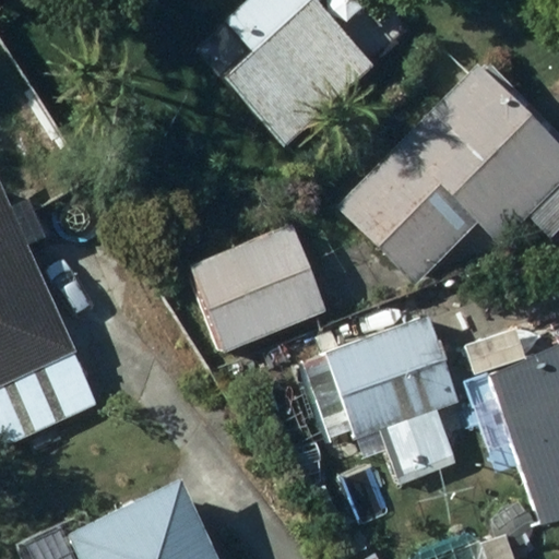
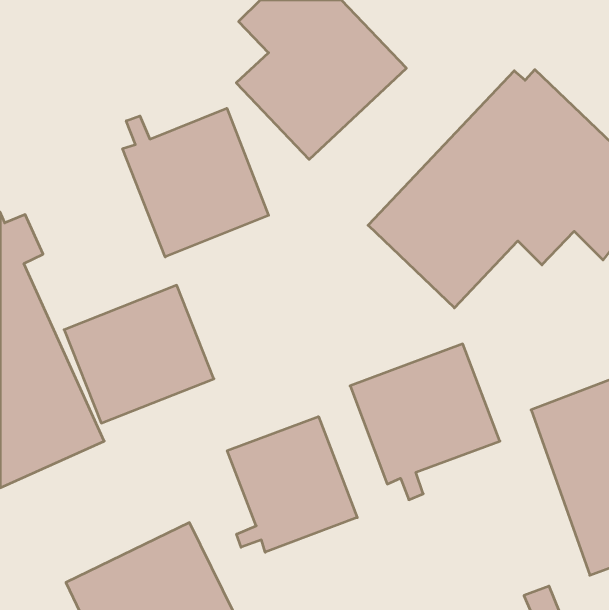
building: none -> [123,108,269,257]
building: [188,227,324,353] -> [64,285,214,423]
building: none -> [227,417,357,552]

